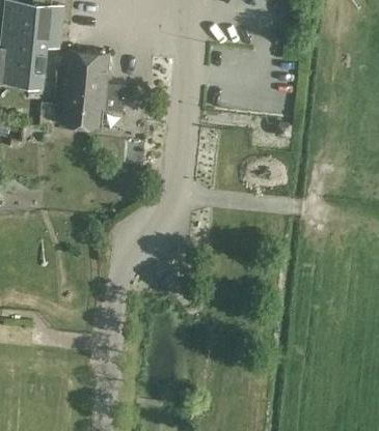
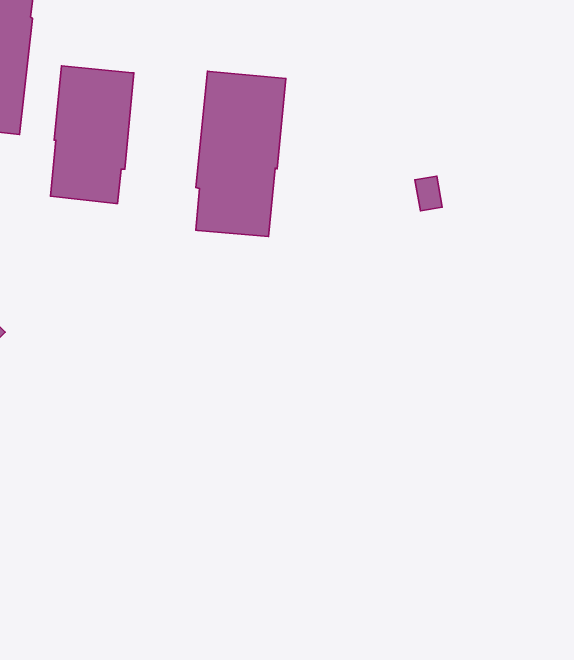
building: none -> [196,71,286,236]

